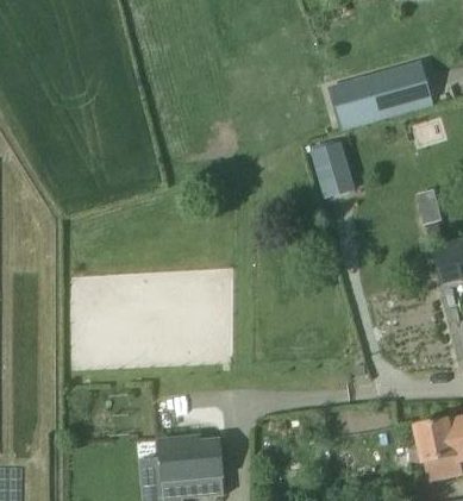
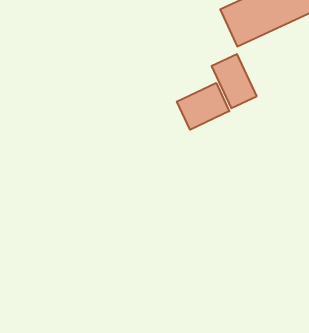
building: none -> [177,83,229,130]

